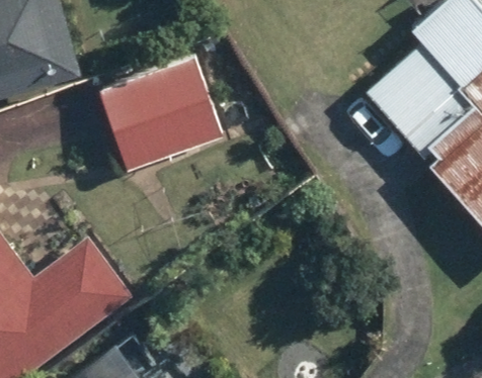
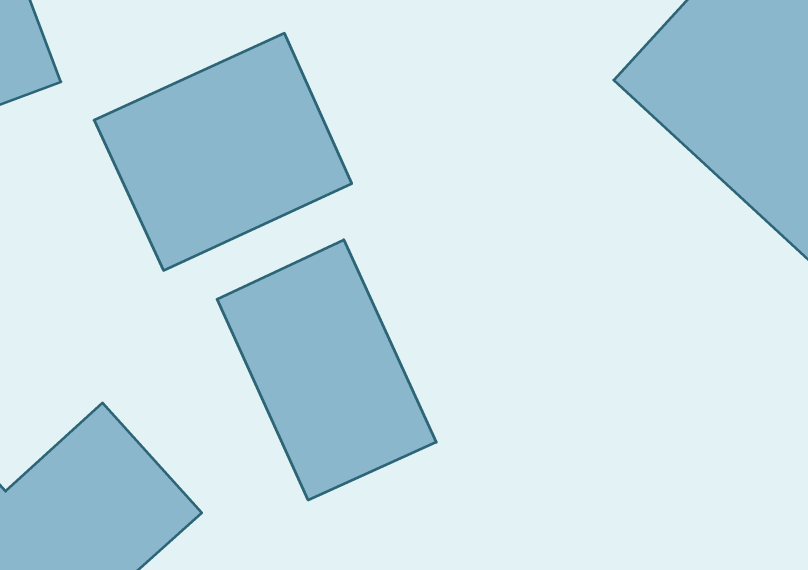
building: none -> [217,240,436,500]

